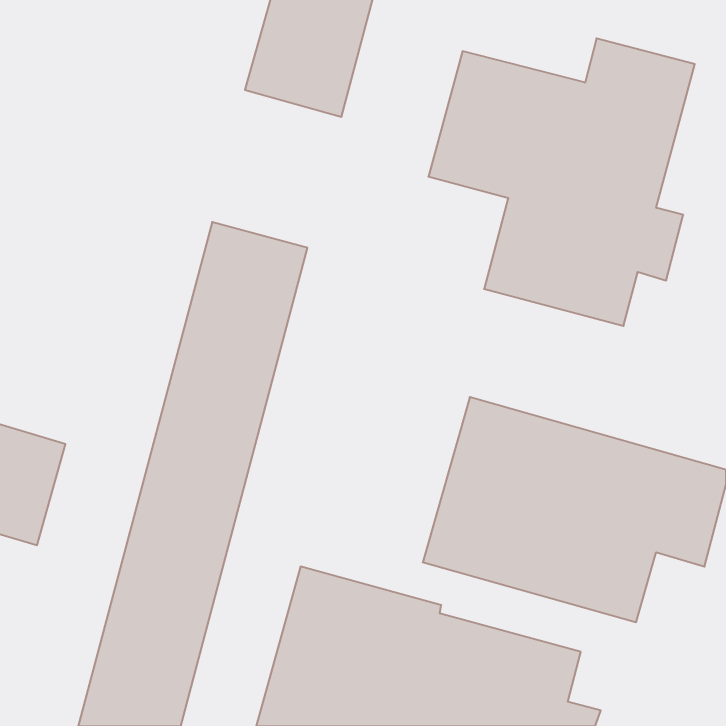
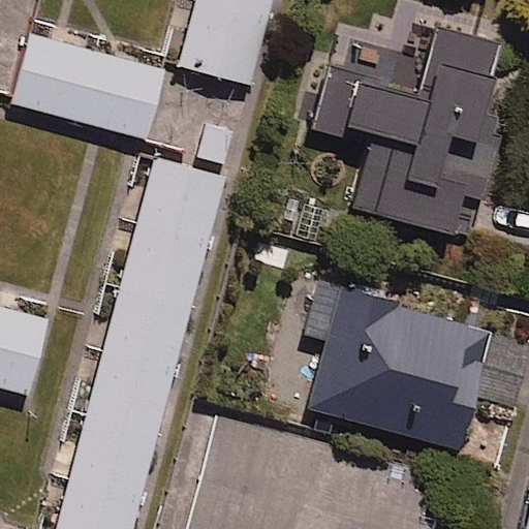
building: none -> [10,35,163,138]

